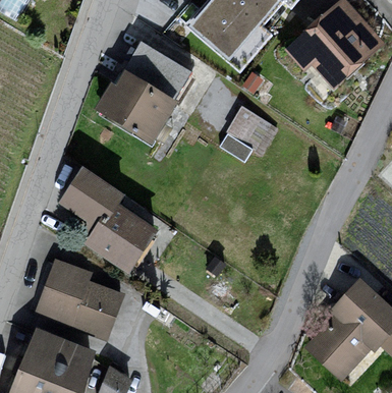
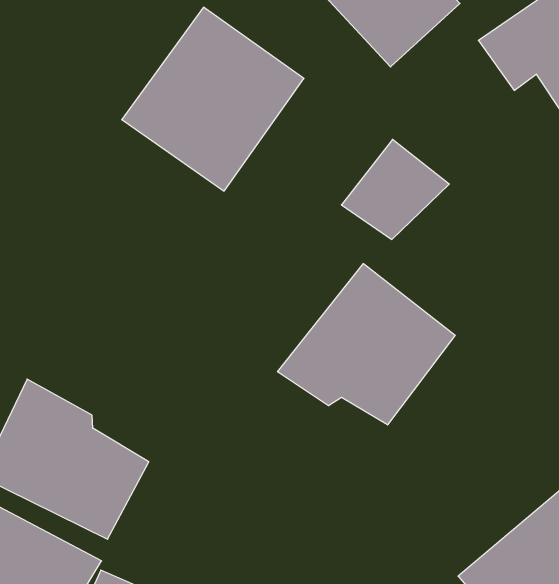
building: [62,167,161,275] -> none
building: none -> [278,264,455,425]

